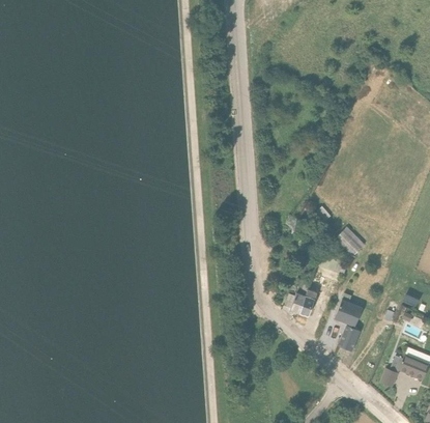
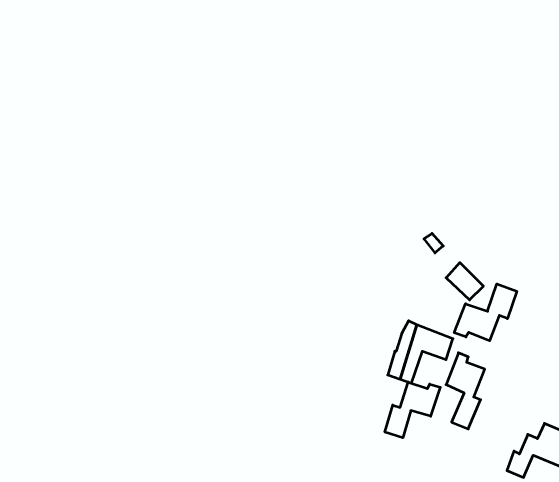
building: none -> [454,284,517,341]
building: none -> [385,382,440,438]

